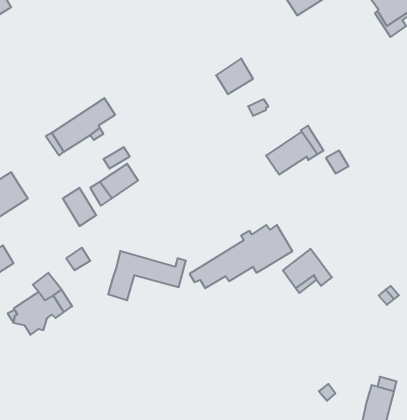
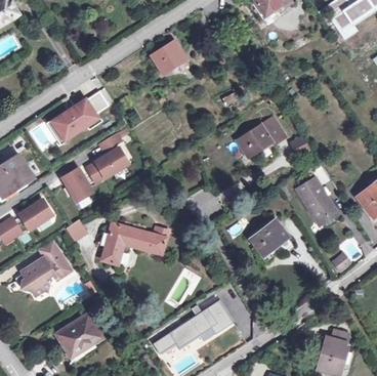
building: [216,58,253,94] -> [152,41,183,72]
building: none -> [297,177,336,224]
building: none -> [19,200,51,229]
building: [190,225,292,288] -> [142,297,231,351]
building: none -> [57,315,100,356]

